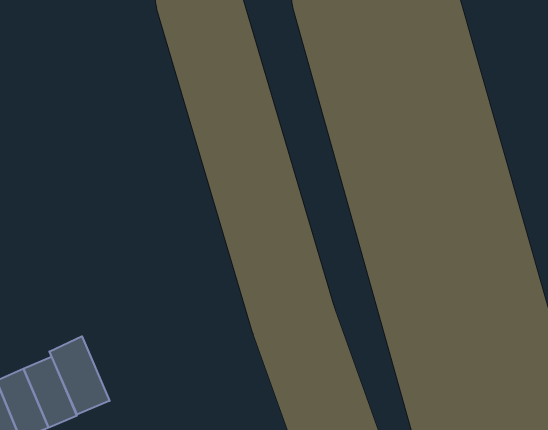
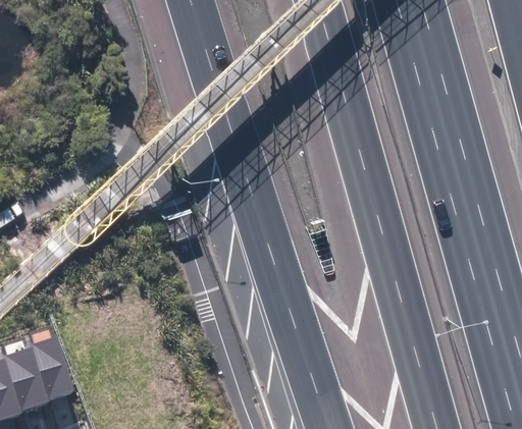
building: [49,336,110,414] -> none

